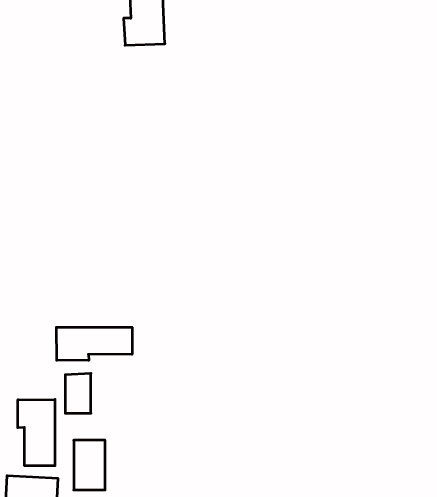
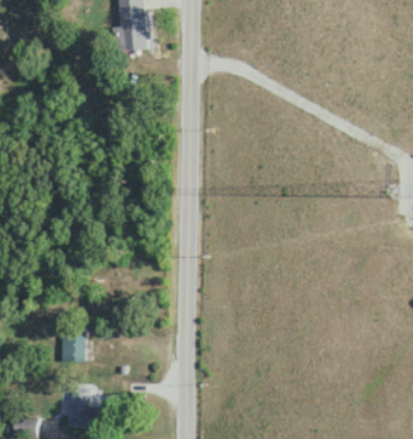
building: [56,327,132,360] -> none
building: [18,399,55,466] -> none

